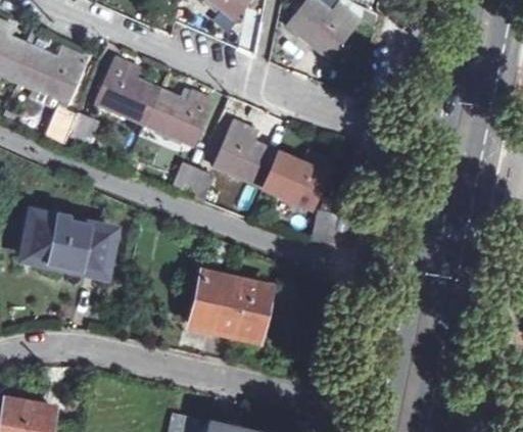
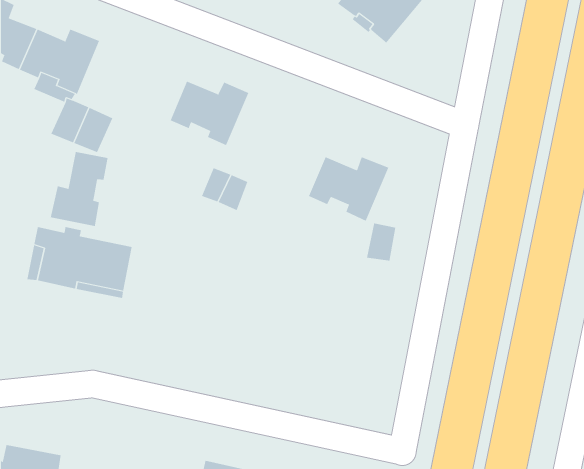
building: [95,58,158,124] -> none
building: [213,121,276,188] -> none
building: none -> [50,151,108,227]
building: [192,273,268,339] -> none

